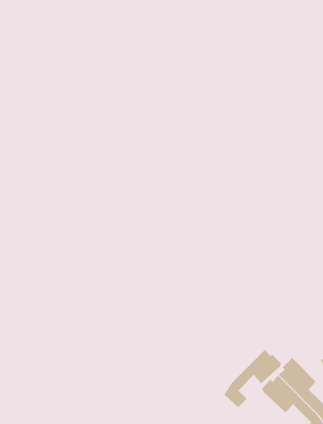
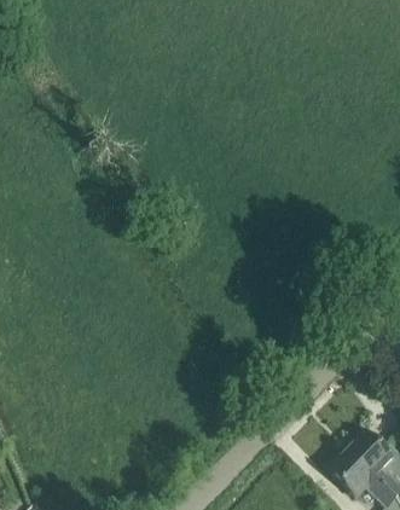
building: [224,349,282,408] -> none

